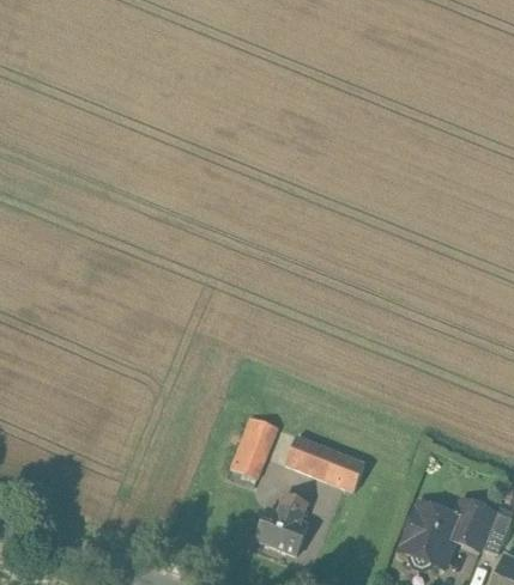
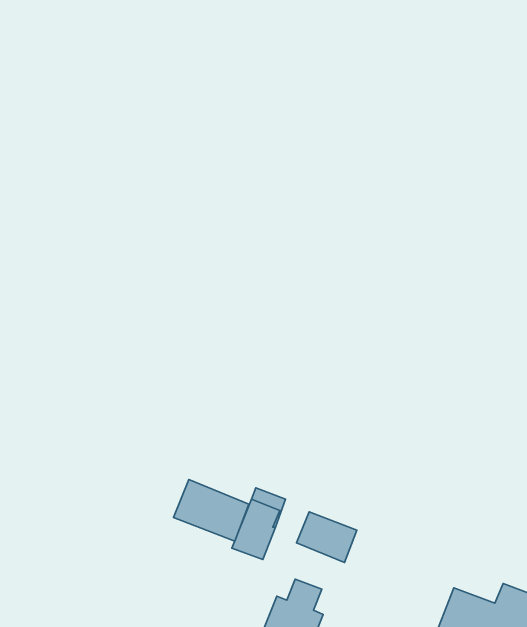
building: none -> [174,479,249,541]
building: [326,452,364,490] -> none

